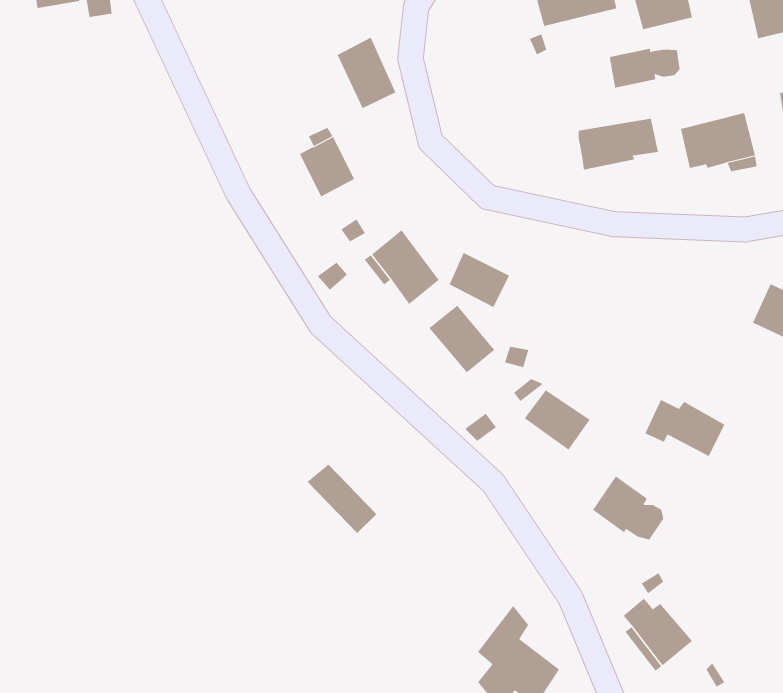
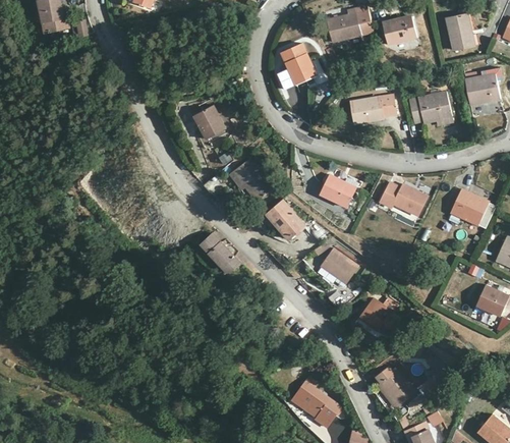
building: [337,37,396,109] -> [282,44,316,85]
building: [609,48,680,88] -> none
building: [449,252,510,308] -> [321,175,355,207]
building: [644,399,725,457] -> [381,182,427,215]
building: [307,464,377,534] -> [201,234,240,274]

